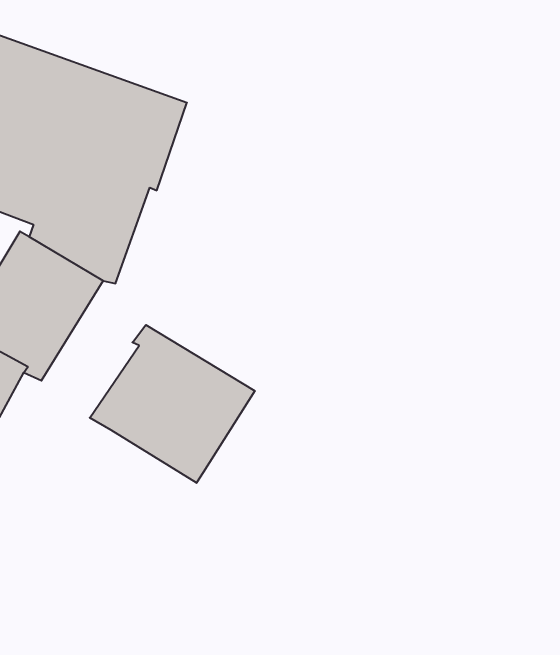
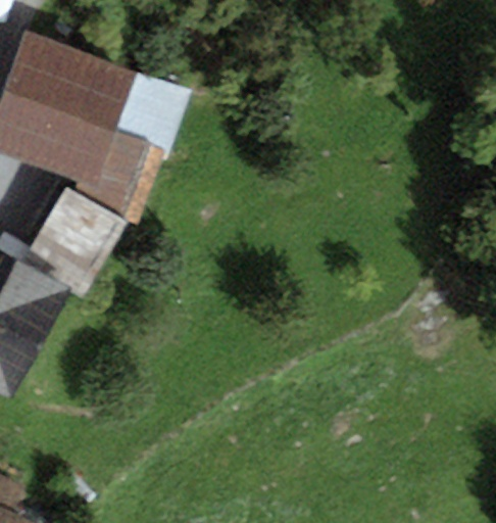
building: [90,325,255,483] -> none

